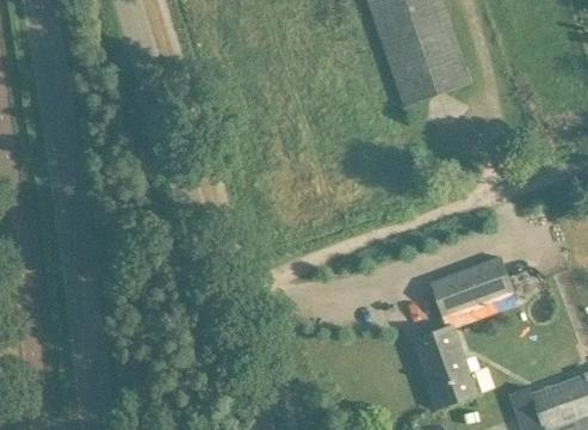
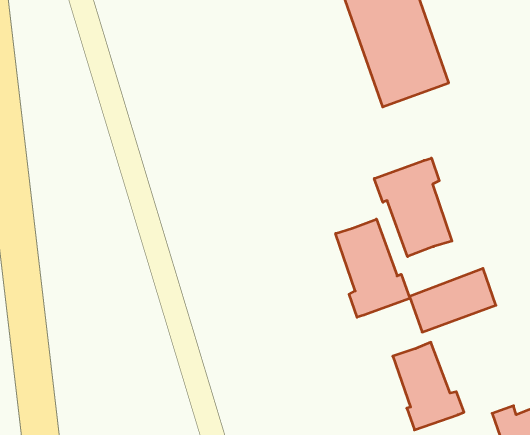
building: none -> [374,158,452,257]
building: none -> [336,219,410,317]

